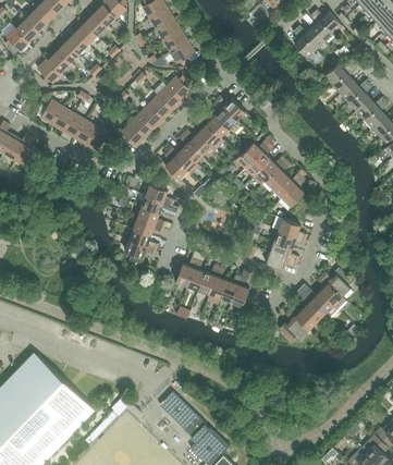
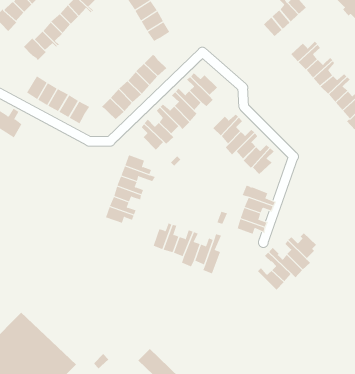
building: [278,309,308,341] -> none

